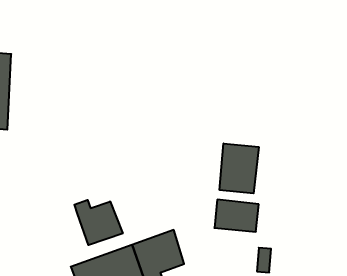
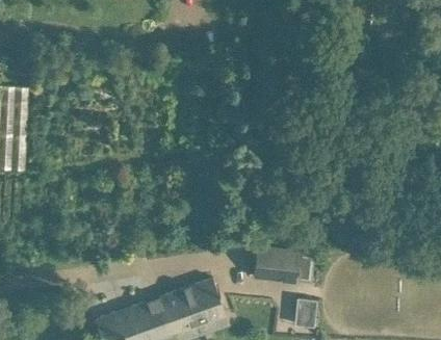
building: [220,143,259,193] -> none
building: [74,200,123,245] -> none

